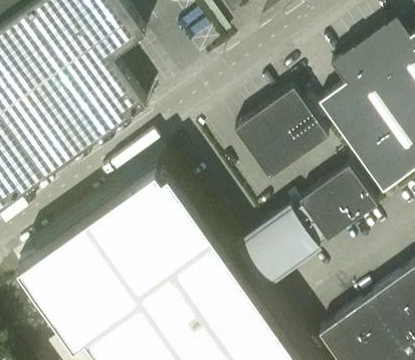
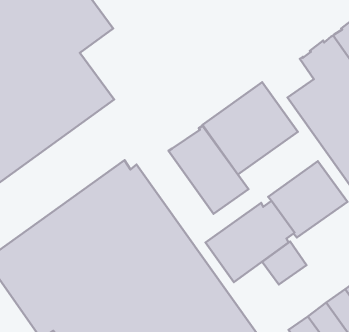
building: none -> [169,126,249,214]
building: none -> [262,241,306,285]

